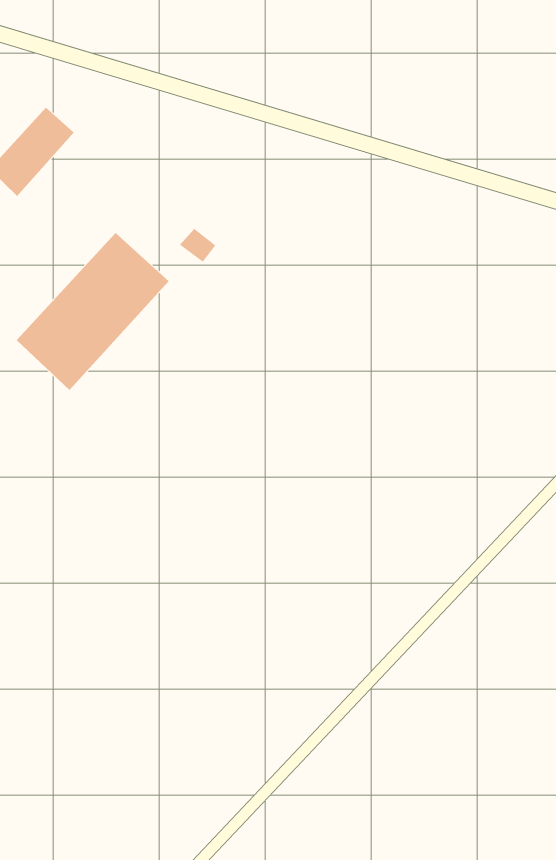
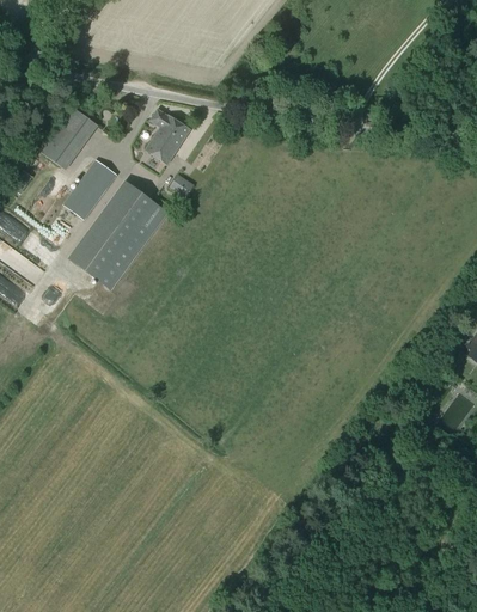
building: none -> [145,108,190,164]
building: none -> [63,159,116,219]

